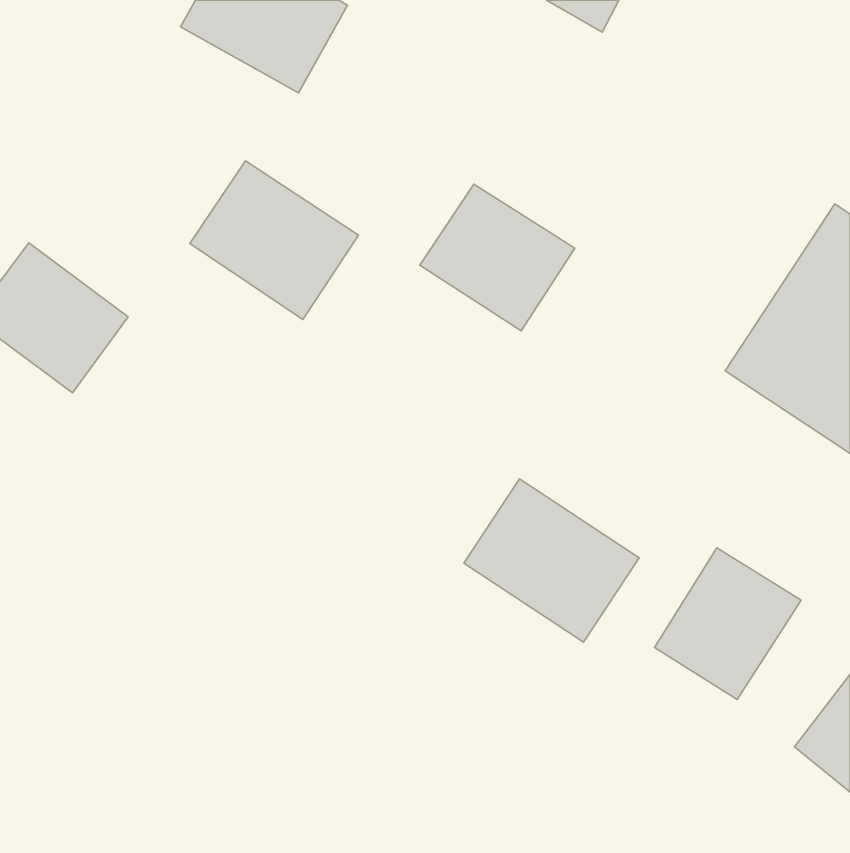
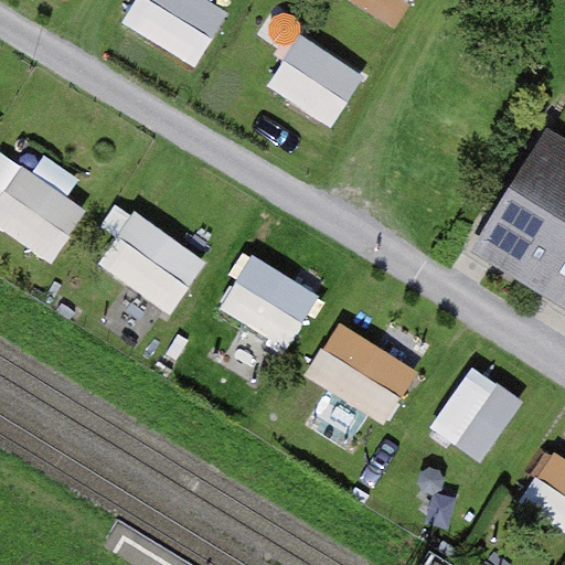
building: [190,161,359,319] -> [95,210,205,313]
building: [420,184,575,331] -> [265,32,366,128]
building: none -> [215,252,320,349]

